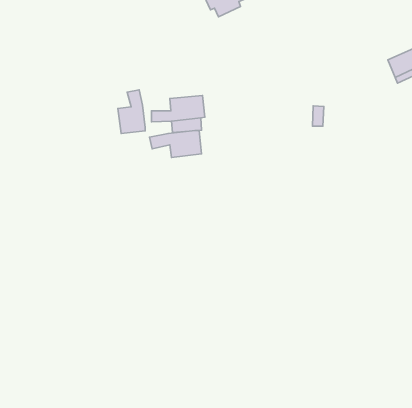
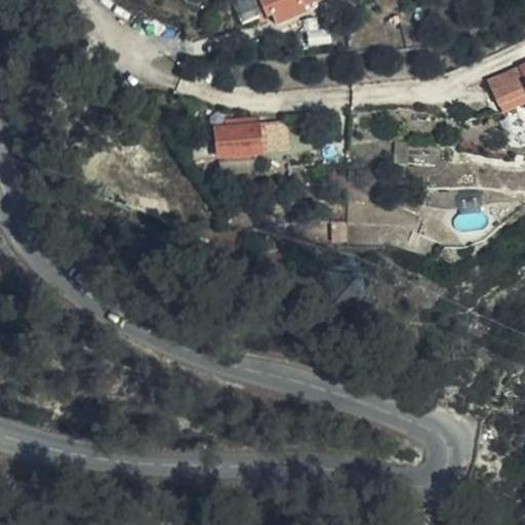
building: [118,90,145,133] -> none
building: [150,131,202,158] -> none

